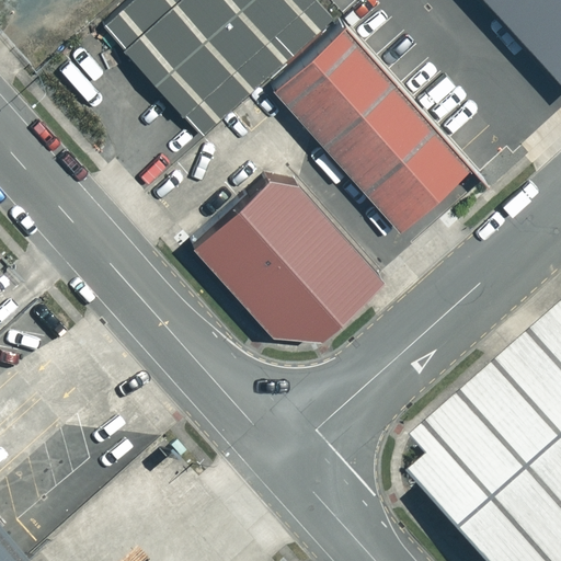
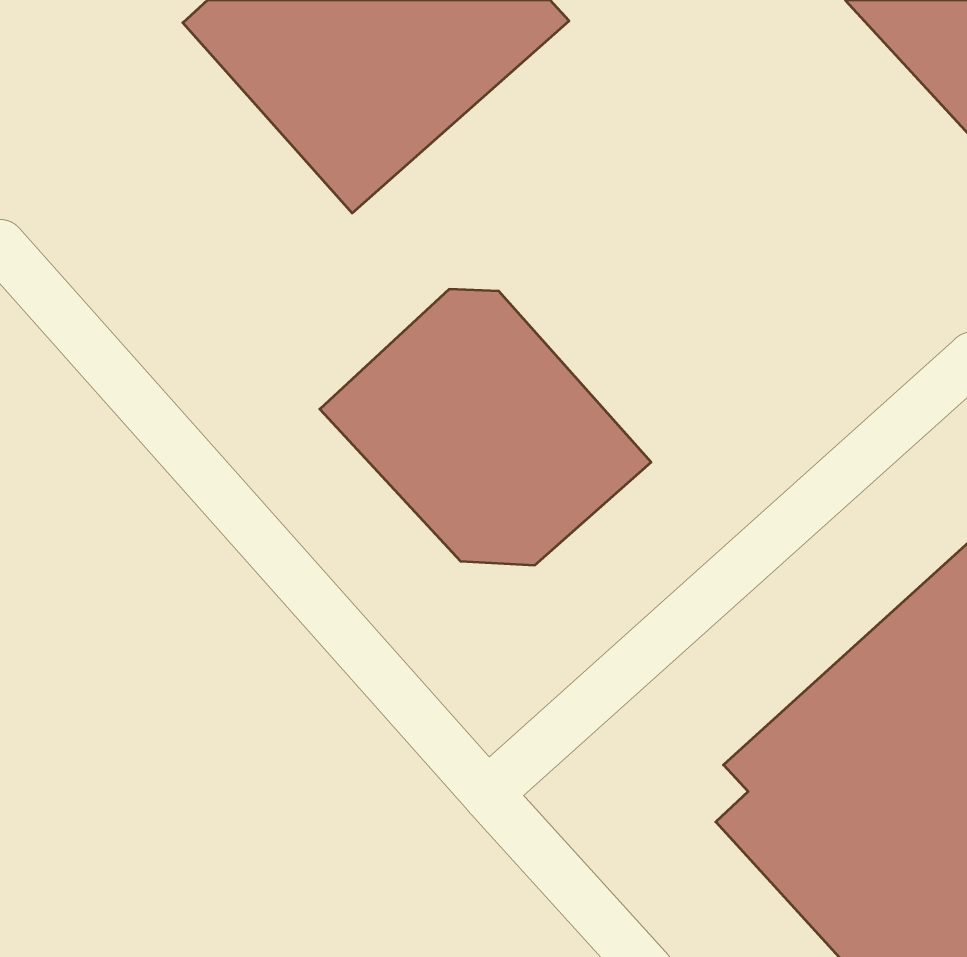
building: [266,20,469,229] -> none

